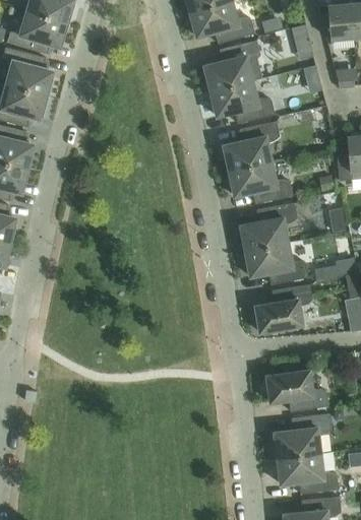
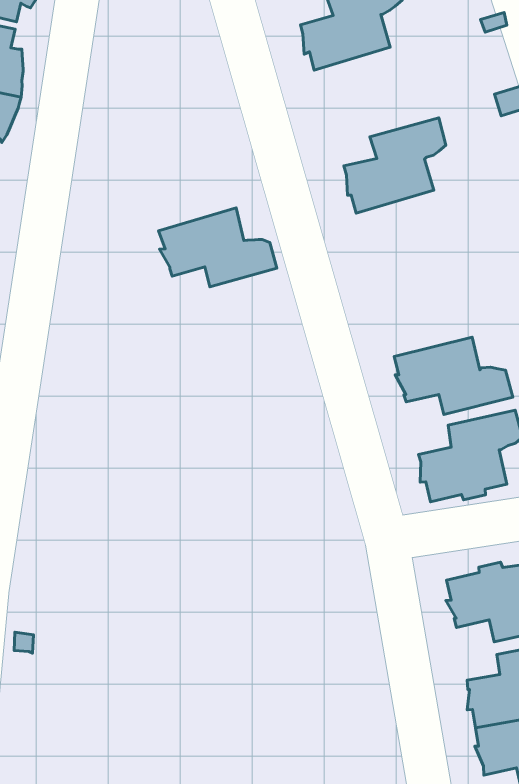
building: [210,81,276,124] -> none
building: [229,161,293,204] -> [158,208,277,287]
building: [241,203,298,252] -> none

